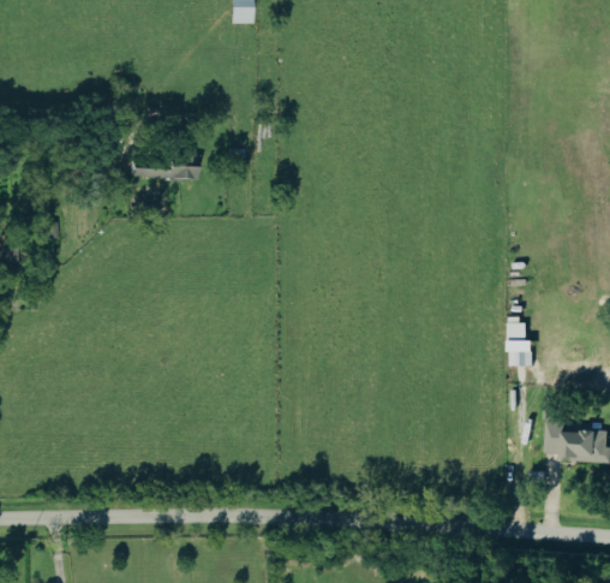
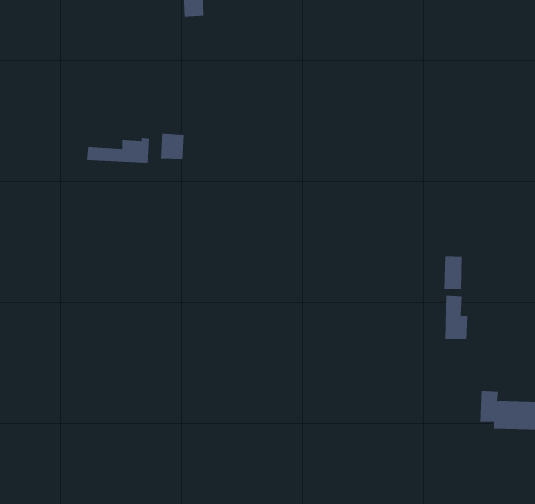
building: none -> [160,133,184,160]
building: none -> [444,255,462,290]

